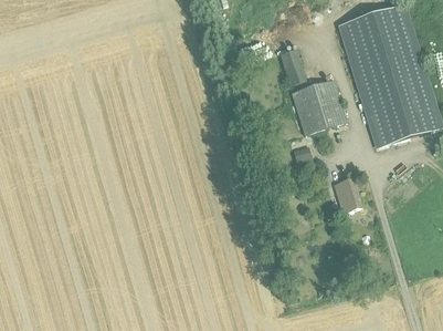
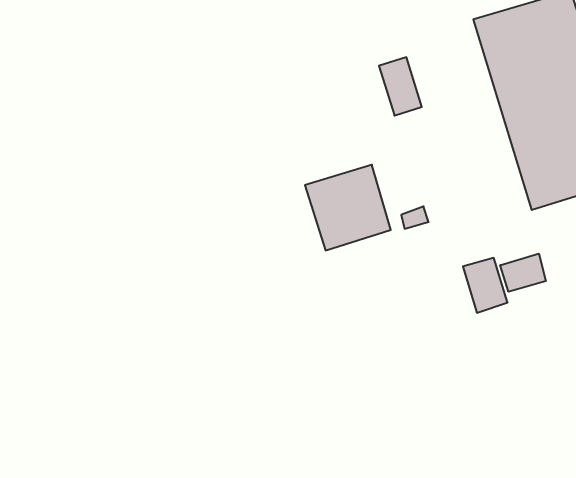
building: [291,79,346,134] -> [305,165,391,250]
building: none -> [500,254,546,292]

